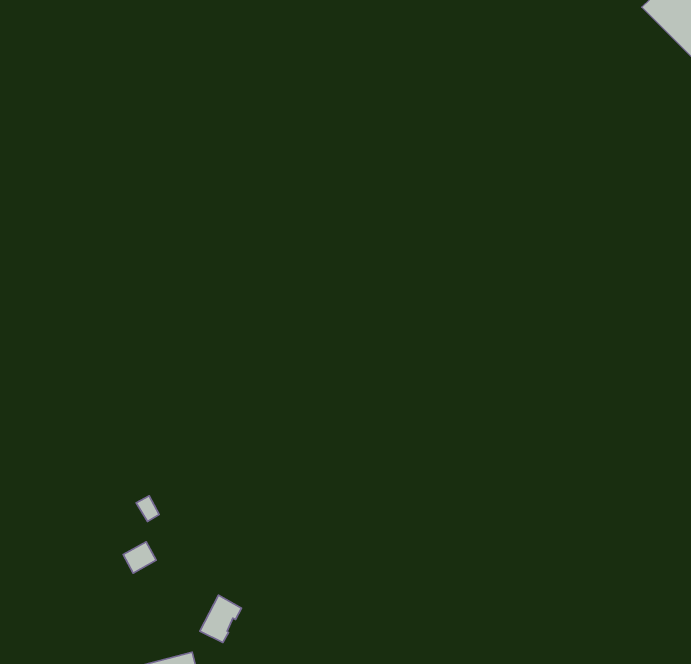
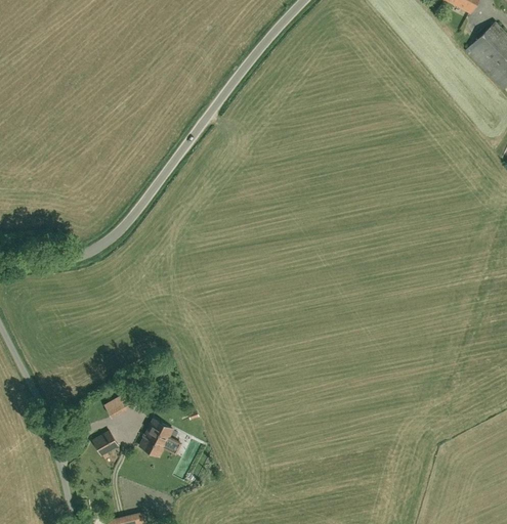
building: [200,595,241,643] -> [141,421,171,454]

